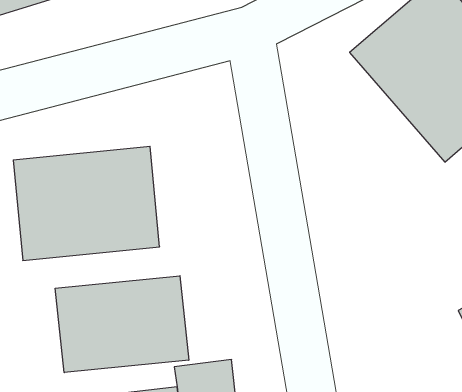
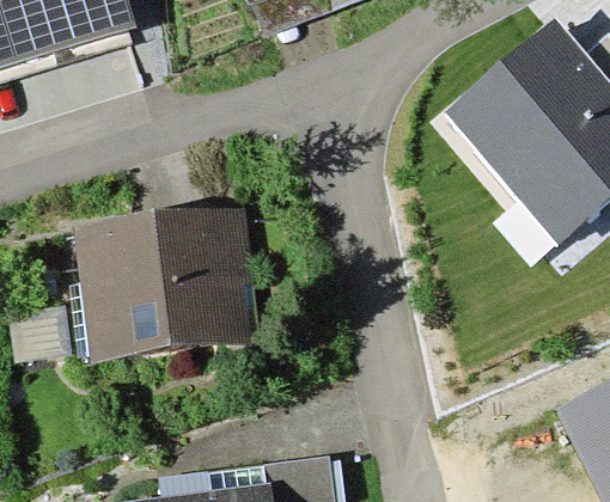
building: [55,276,189,373] -> none

